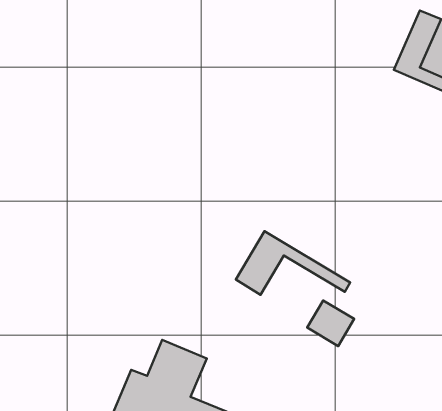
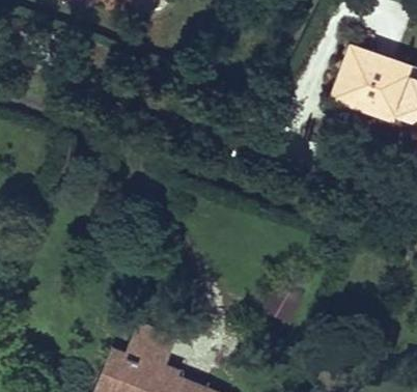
building: [236,231,350,295] -> none

